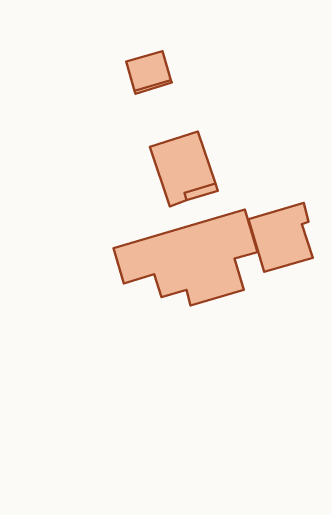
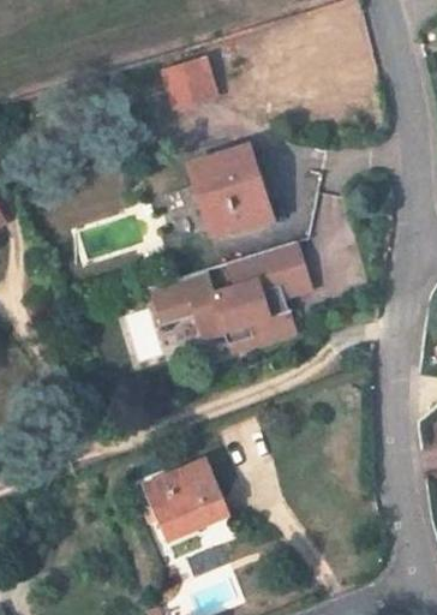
building: [249,203,313,272] -> none
building: none -> [142,460,231,544]

